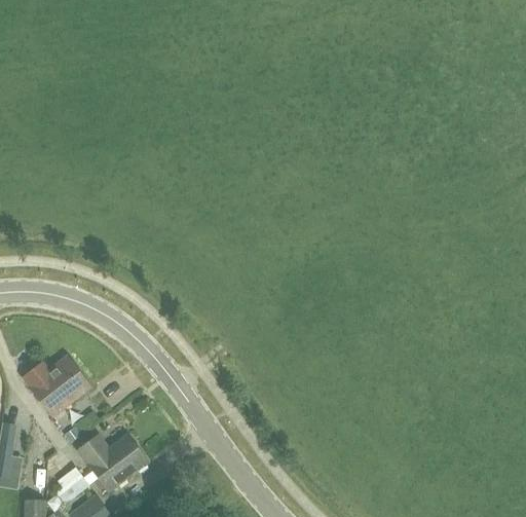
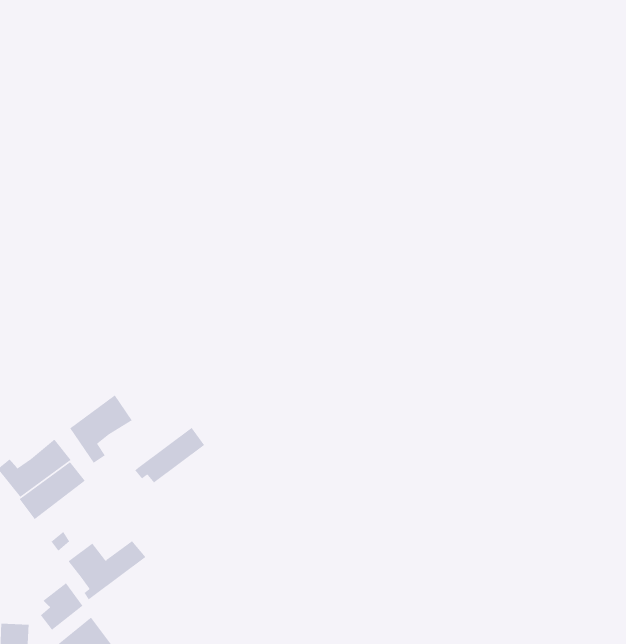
building: none -> [69,395,133,464]
building: [93,447,149,491] -> [134,427,205,483]

